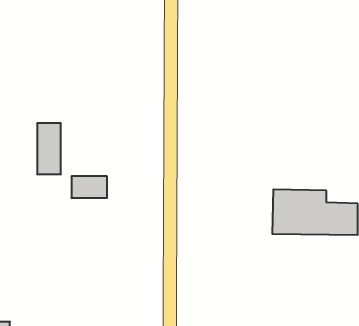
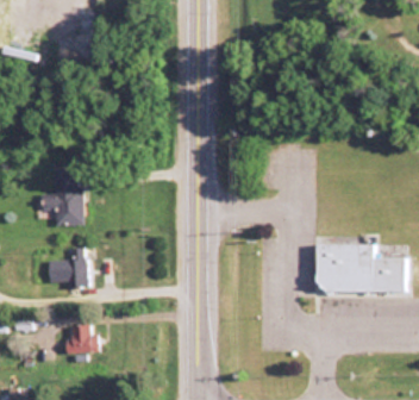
building: [71,176,107,198] -> [49,260,88,283]
building: none -> [67,326,99,354]

